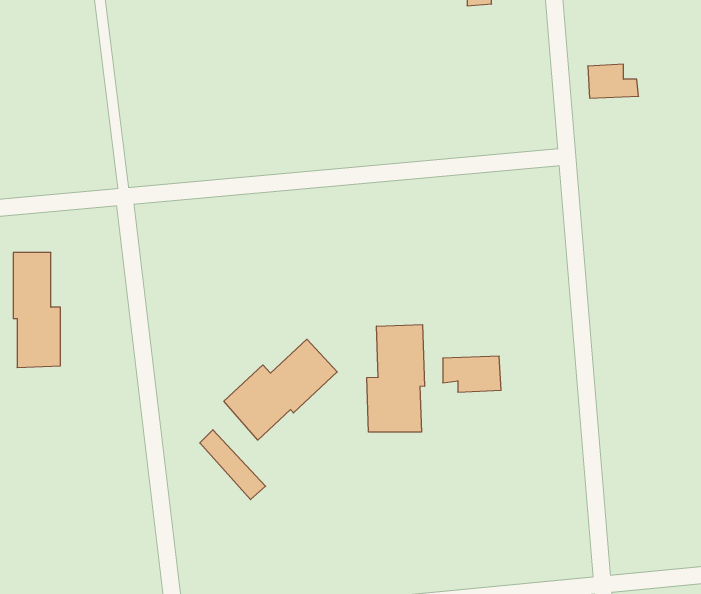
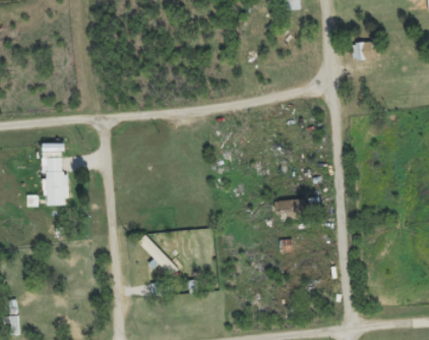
building: [367,325,425,432] -> none
building: [224,339,337,440] -> none

